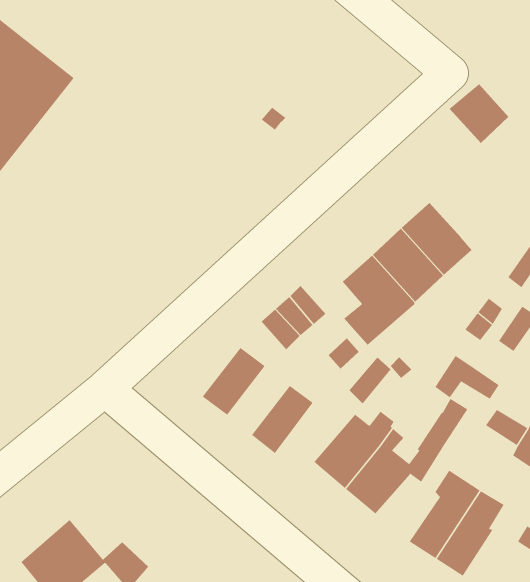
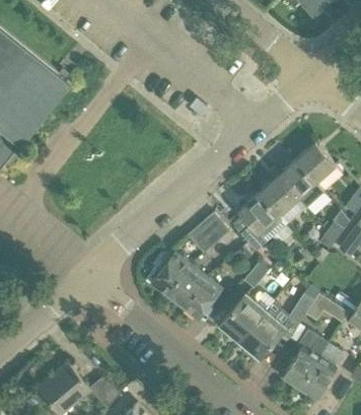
building: [449,83,509,144] -> [296,144,335,183]
building: [434,355,500,400] -> [306,294,348,323]
building: none -> [167,265,207,308]

